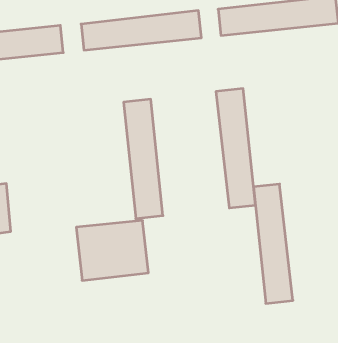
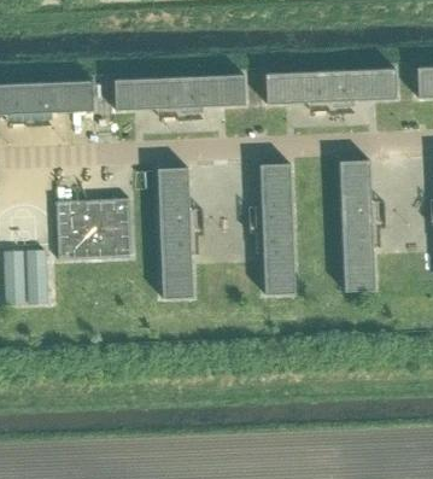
building: none -> [23,250,45,303]
building: [253,184,293,303] -> [339,160,374,291]
building: [76,221,148,280] -> [54,198,130,259]

